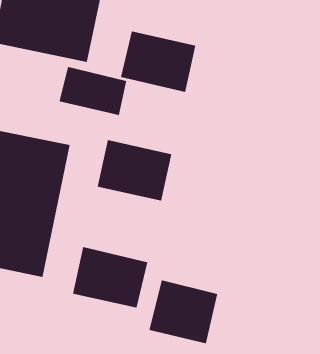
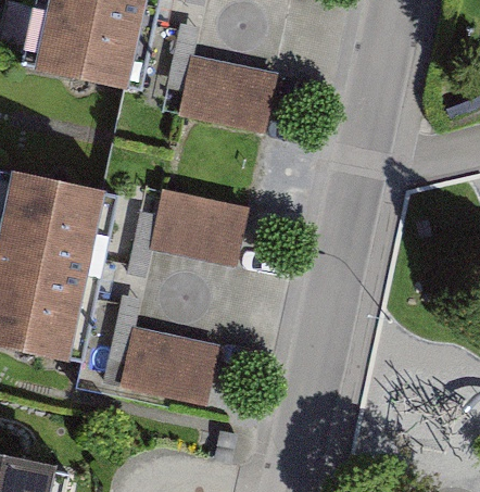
building: [59,66,127,116] -> none
building: [149,280,218,344] -> none

